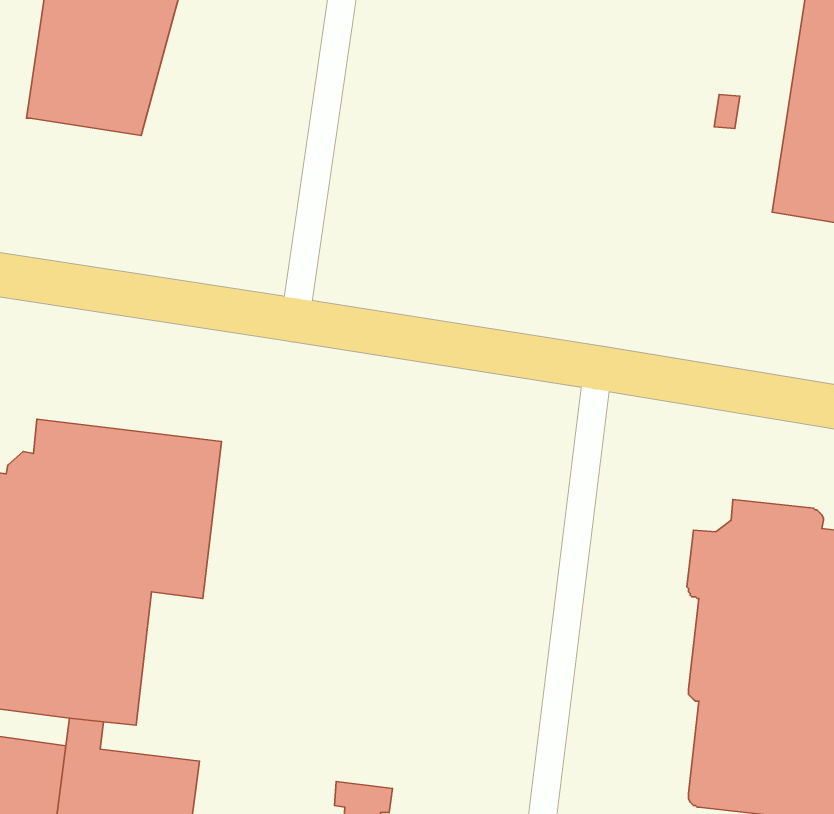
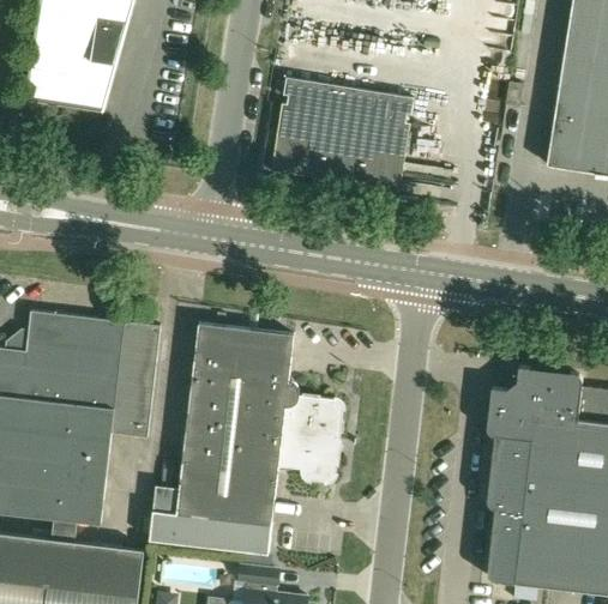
building: none -> [272,78,415,189]
building: none -> [149,324,343,554]

